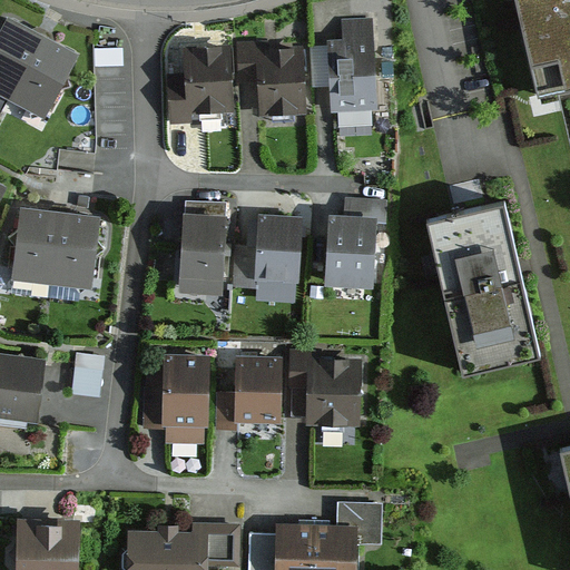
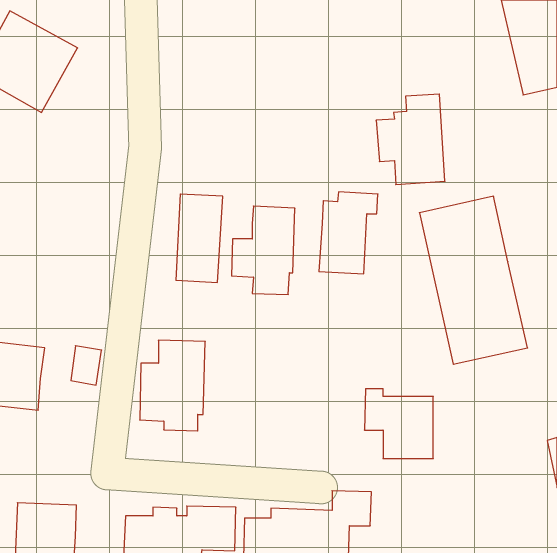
building: [309,21,380,114] -> [376,94,445,185]
building: [237,43,305,114] -> none
building: [167,46,233,122] -> none
building: [11,203,101,287] -> none
building: [288,353,358,424] -> [364,389,433,459]
building: [215,355,283,431] -> none

